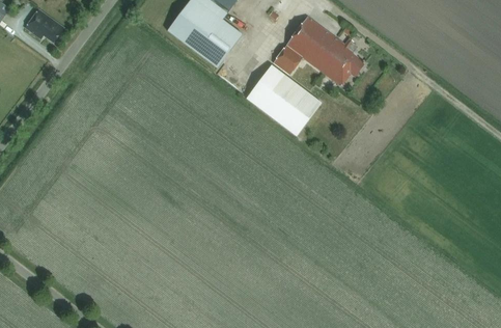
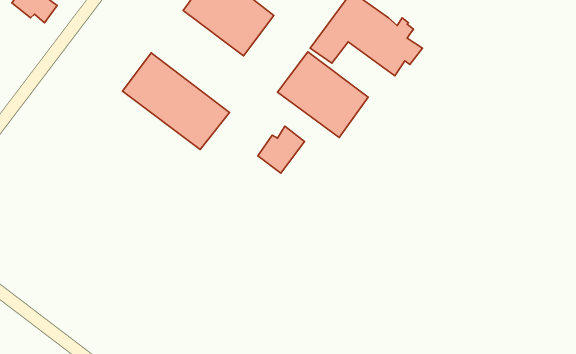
building: none -> [122,53,230,149]
building: none -> [258,126,305,173]

